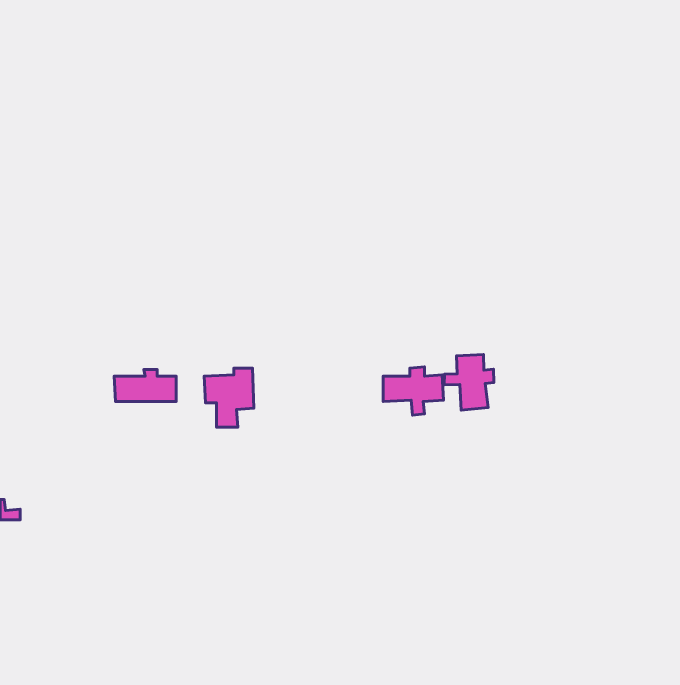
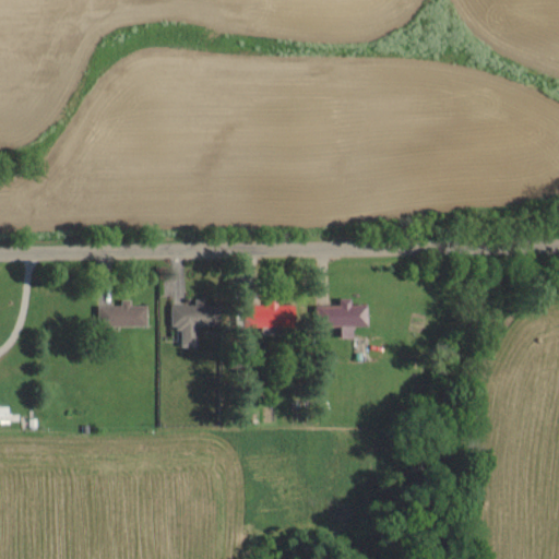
building: [444,354,494,410] -> none
building: none -> [243,304,292,328]

